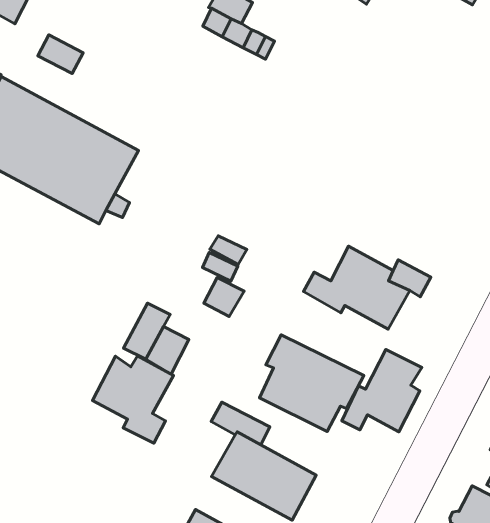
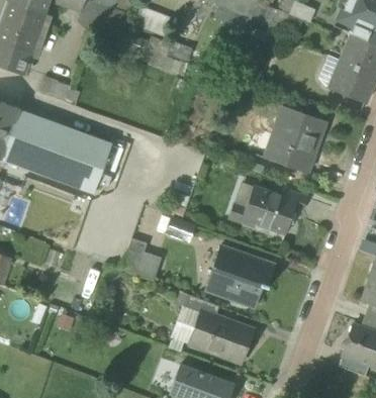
building: none -> [268,105,326,173]
building: [342,349,422,432] -> none
building: [92,356,173,443] -> none

